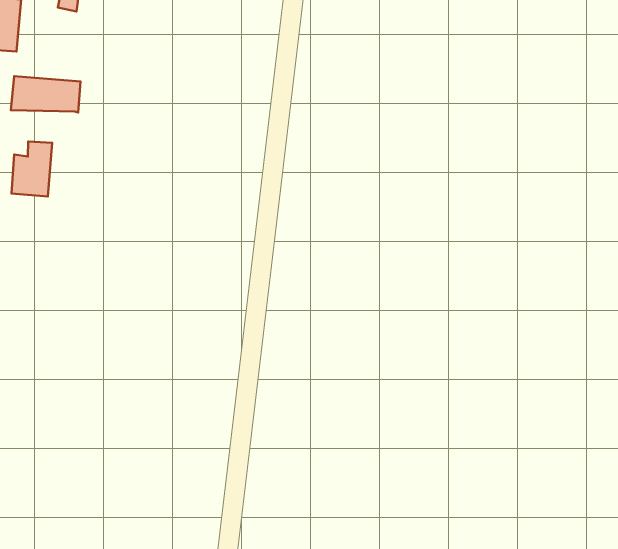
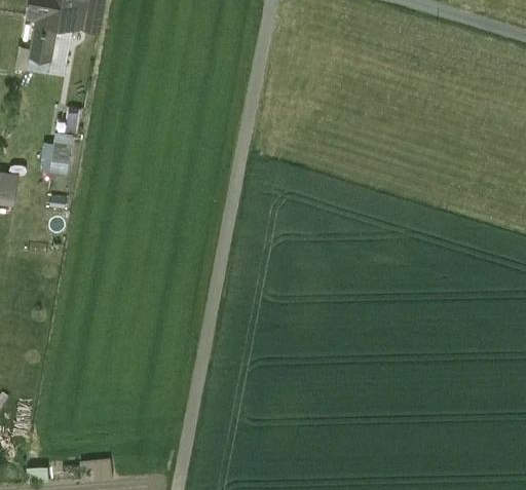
building: [11,76,81,112] -> none

